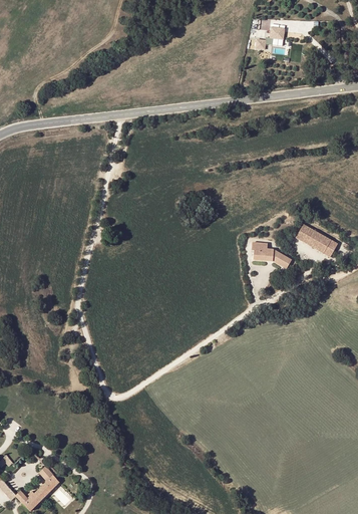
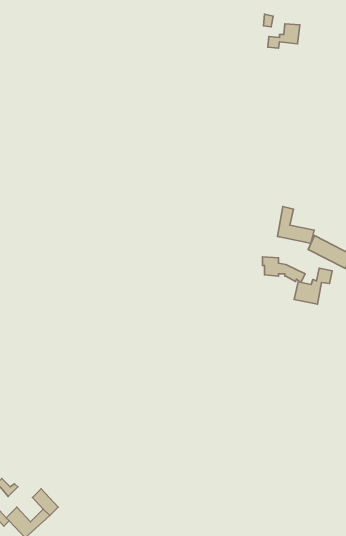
building: none -> [277,207,314,244]
building: none -> [294,268,332,304]

